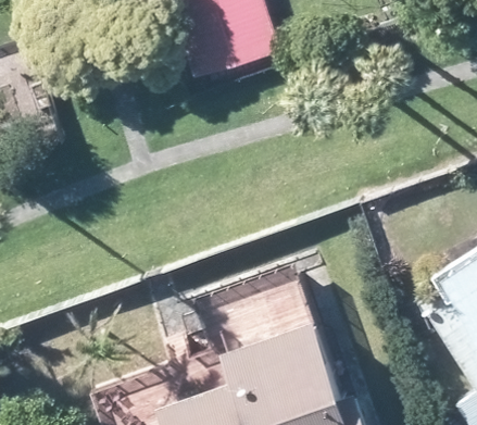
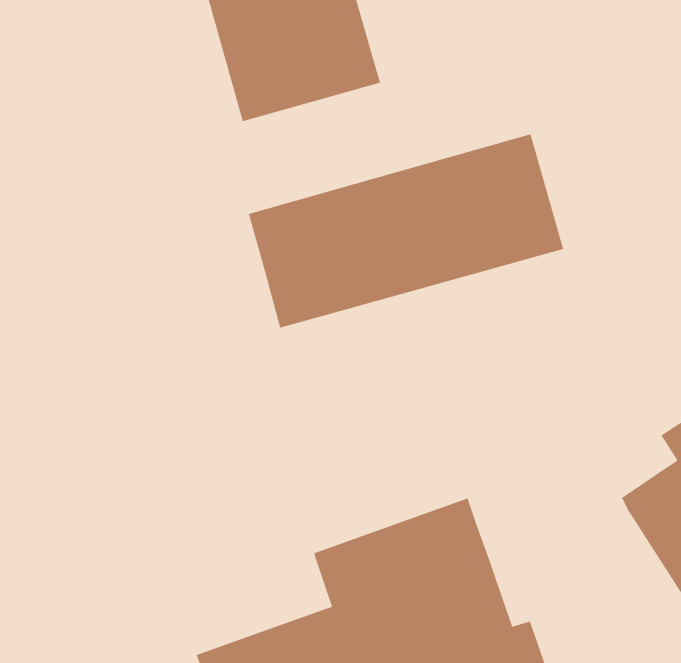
building: none -> [248,133,564,328]

